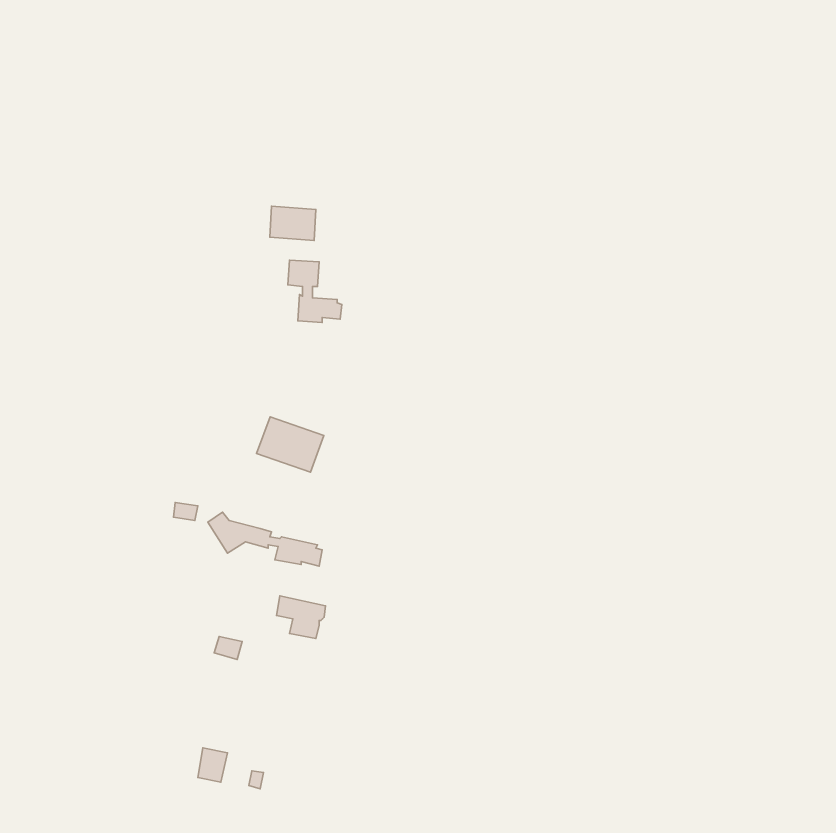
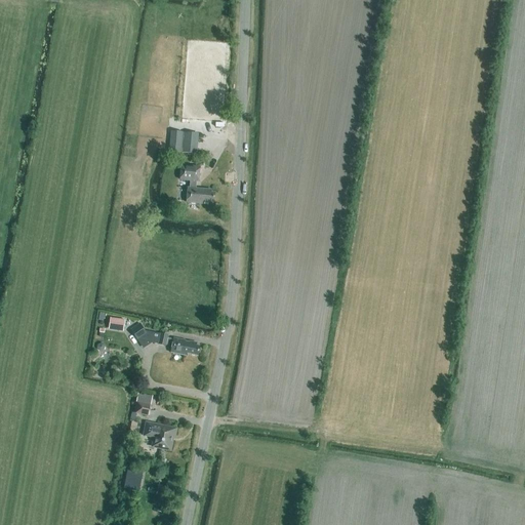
building: [257,417,324,472] -> none
building: [277,596,326,638] -> [145,420,175,447]

